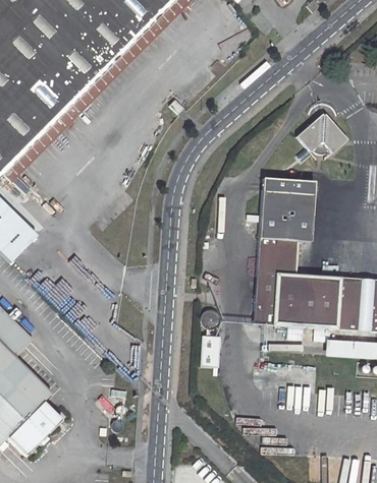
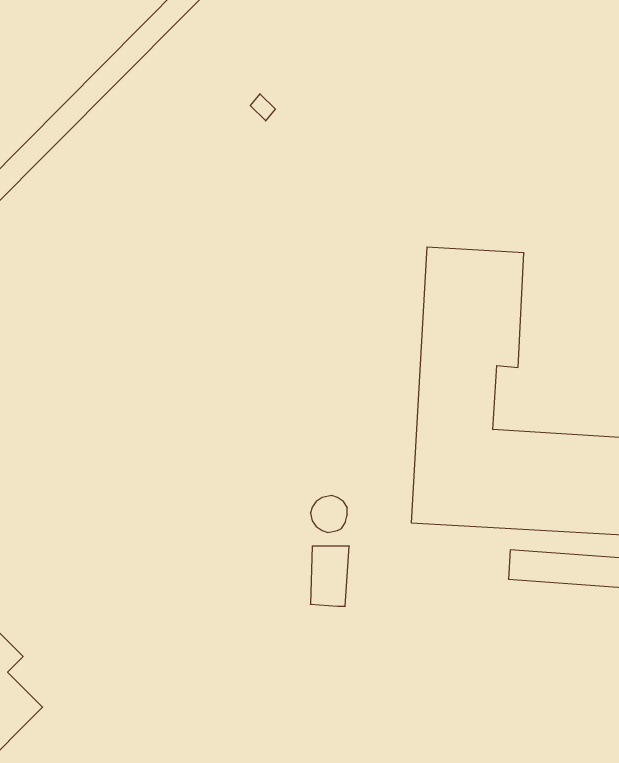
building: [295,111,345,152] -> none

